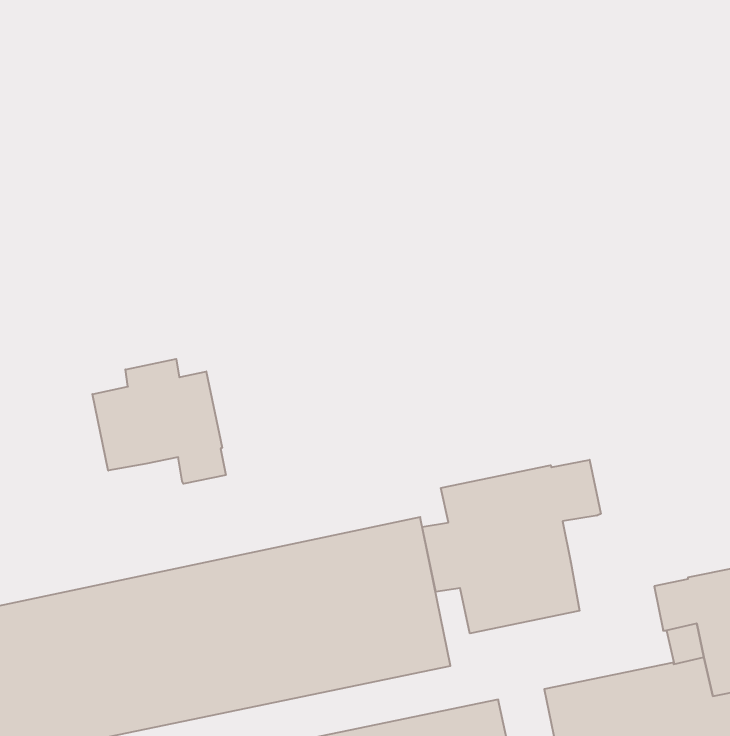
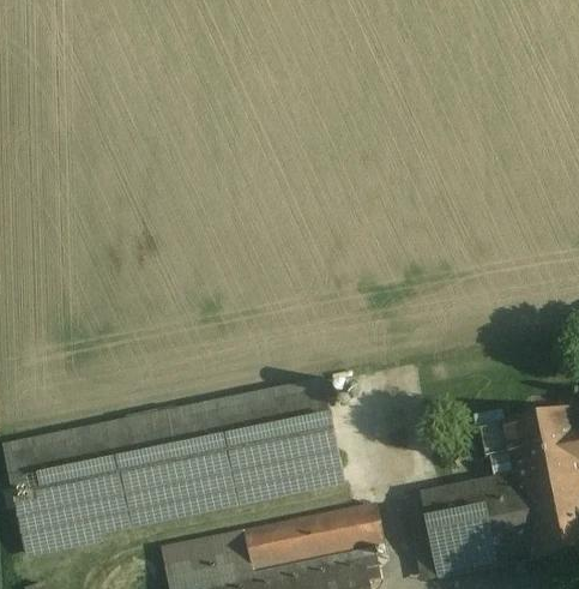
building: [92,359,226,484] -> none
building: [422,460,601,633] -> none

